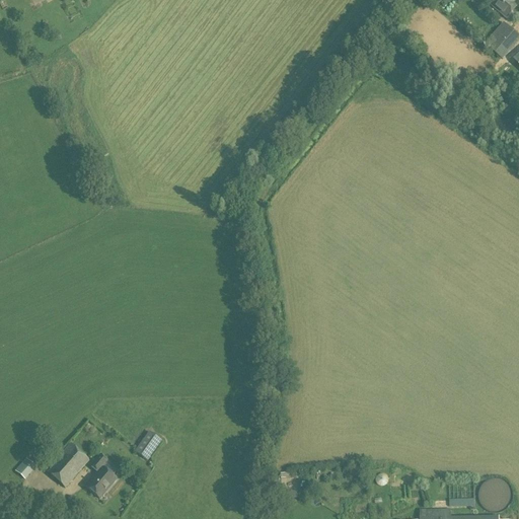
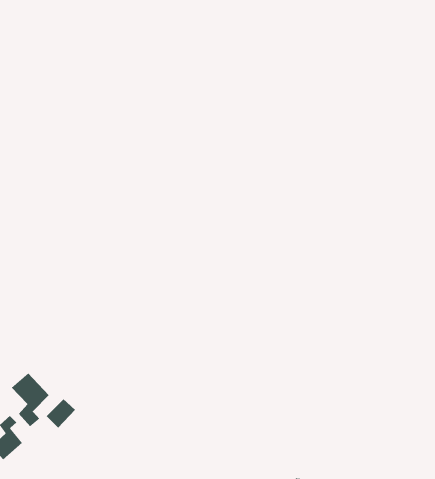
building: none -> [11,372,49,427]

